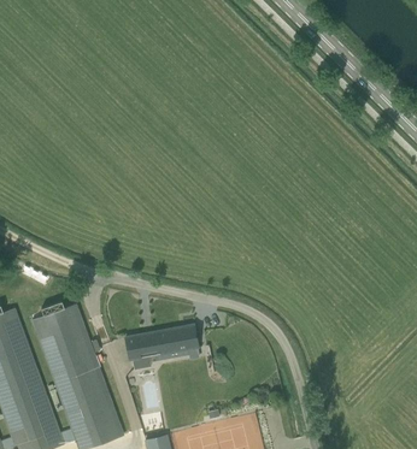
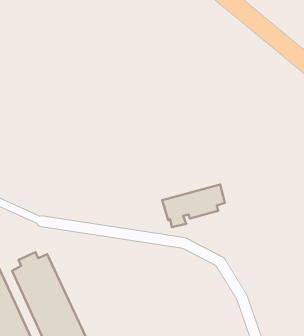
building: [127,325,199,370] -> [162,185,225,227]

